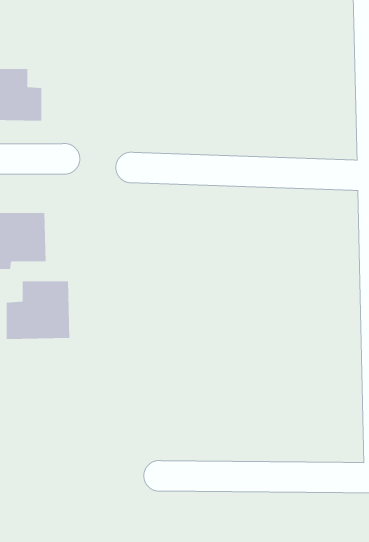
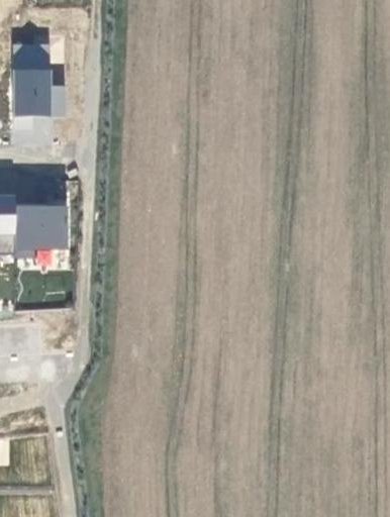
building: [6,280,70,340] -> none

